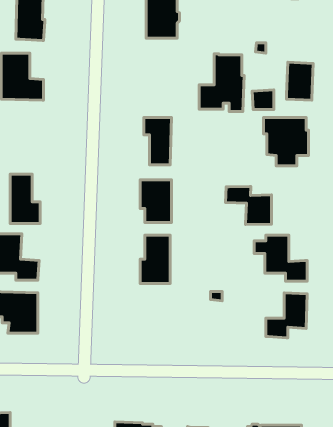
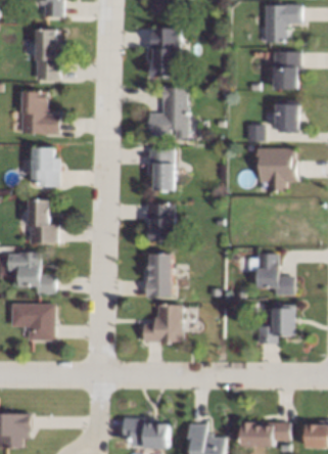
building: none -> [273,51,300,89]
building: [199,54,244,111] -> [149,86,189,137]
building: none -> [33,147,60,186]
building: [226,187,271,225] -> none
building: none -> [144,304,182,343]

